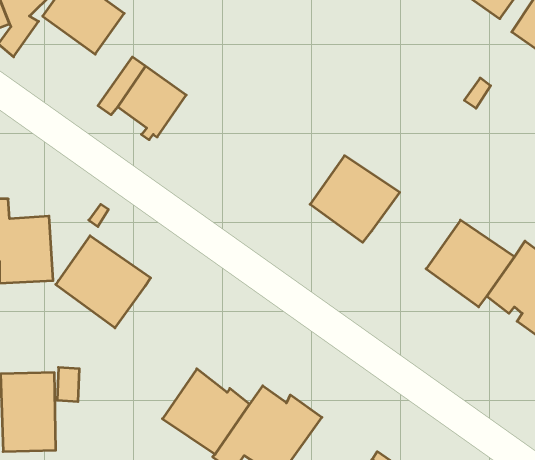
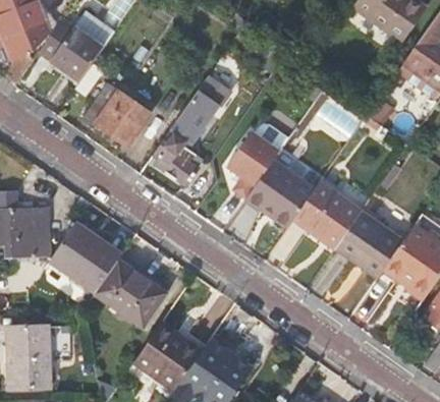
building: none -> [152,75,231,184]
building: none -> [227,128,281,196]
building: none -> [295,179,364,246]
building: none -> [97,260,169,326]

